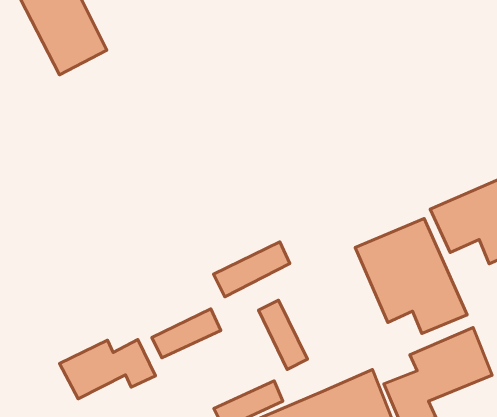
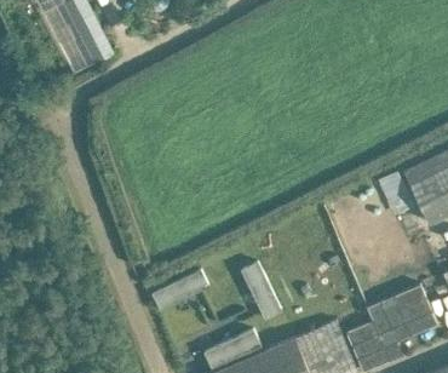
building: [355,218,467,334] -> none
building: [213,242,290,297] -> none
building: [59,339,156,399] -> none

